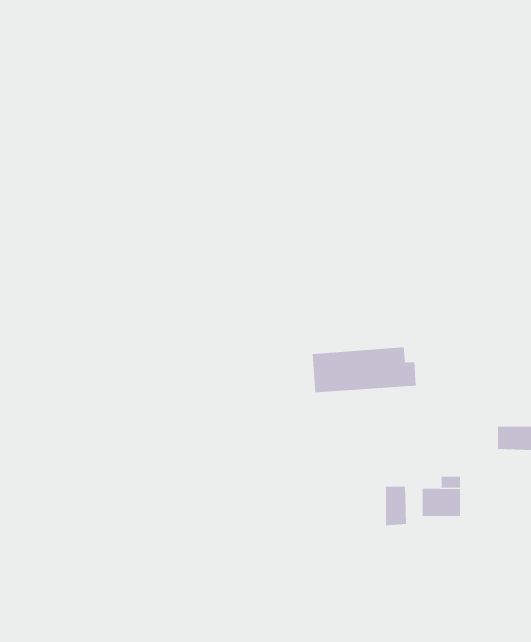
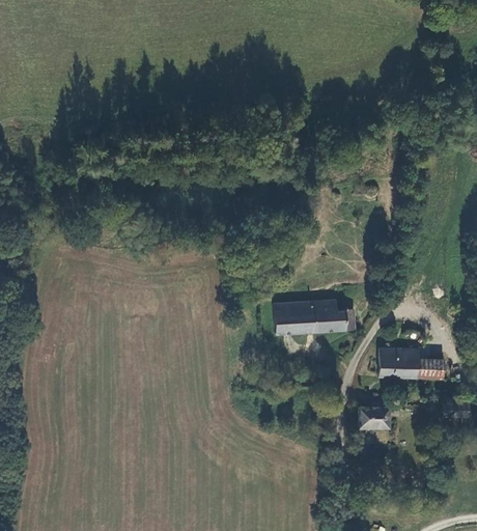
building: none -> [378,350,417,379]
building: [386,486,407,526] -> none

